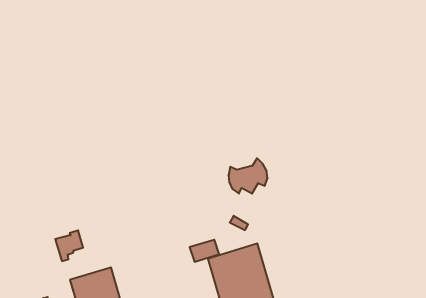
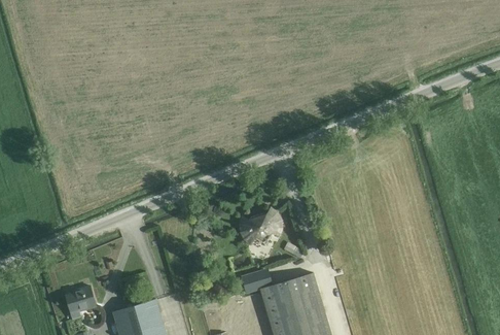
building: [228,158,268,194] -> [240,207,282,245]
building: [55,230,83,261] -> [66,287,96,320]

